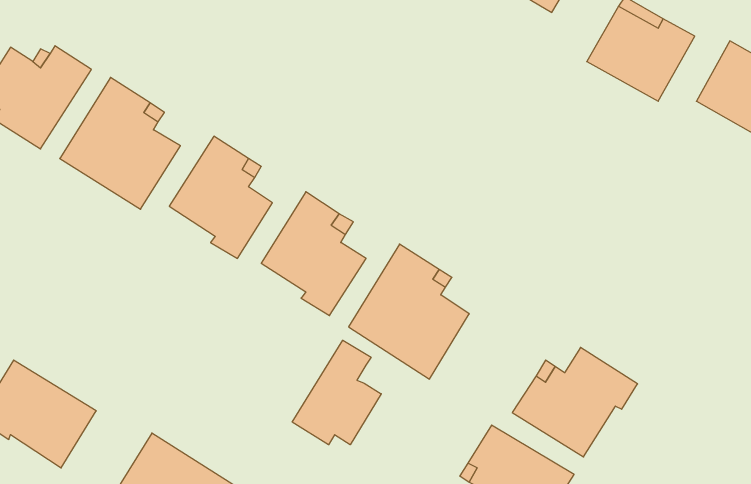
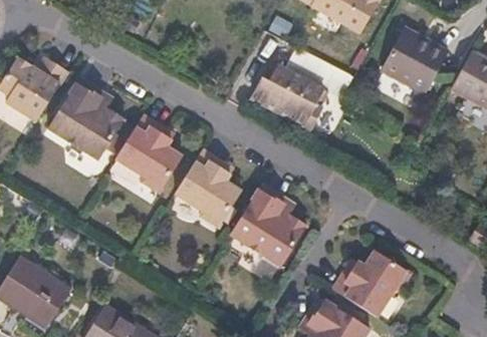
building: none -> [249,67,320,126]
building: [292,340,381,445] -> none

